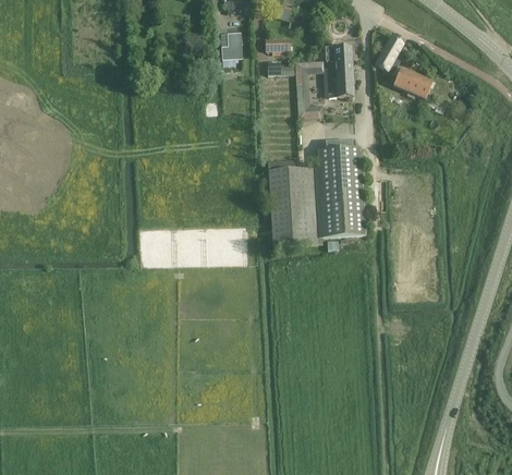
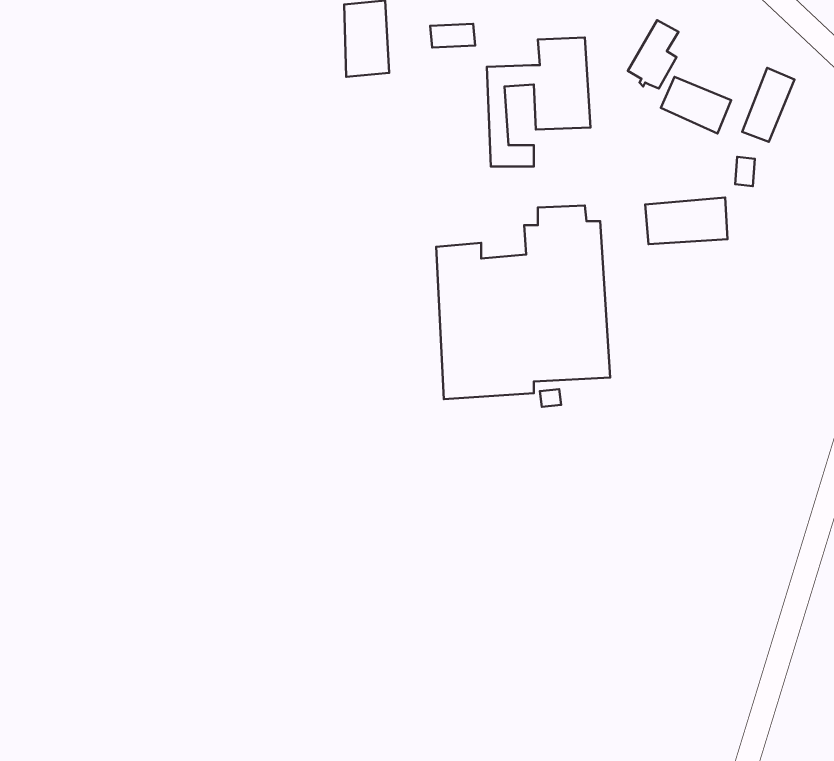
building: none -> [742,68,795,142]
building: none -> [645,198,728,244]

